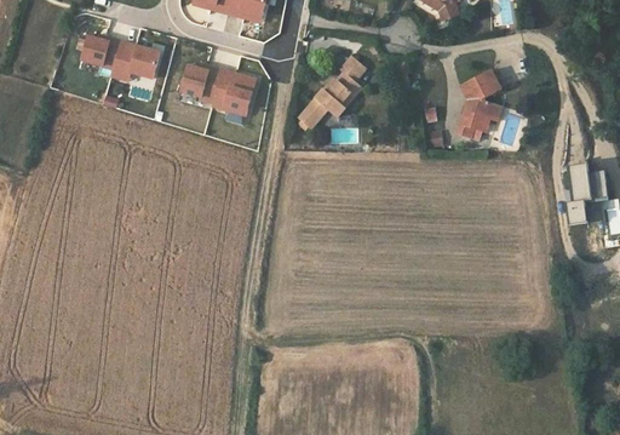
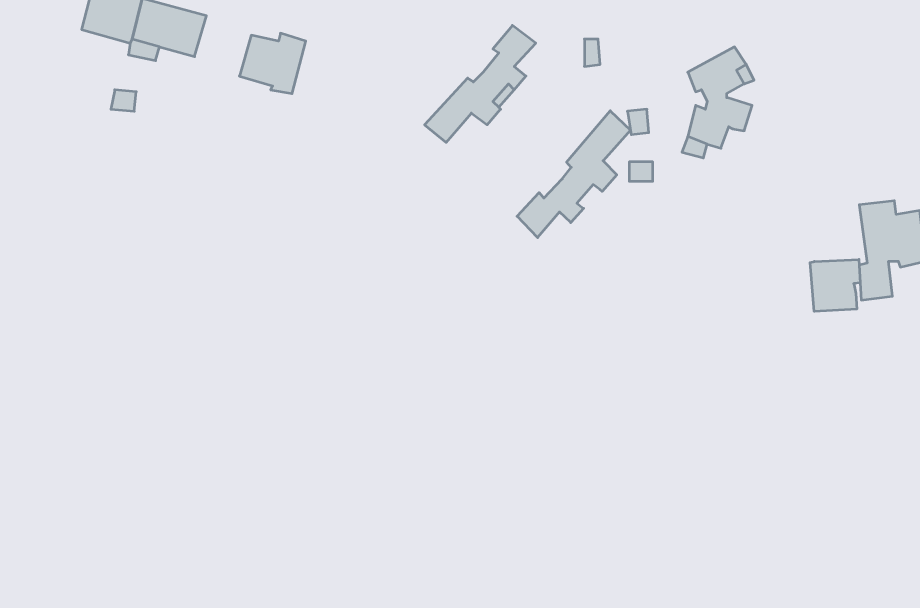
building: [213,67,257,113] -> none
building: none -> [517,111,631,238]
building: none -> [810,259,860,311]

